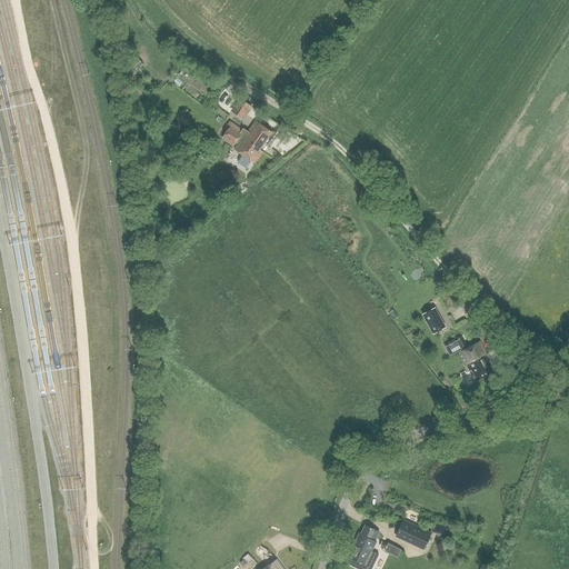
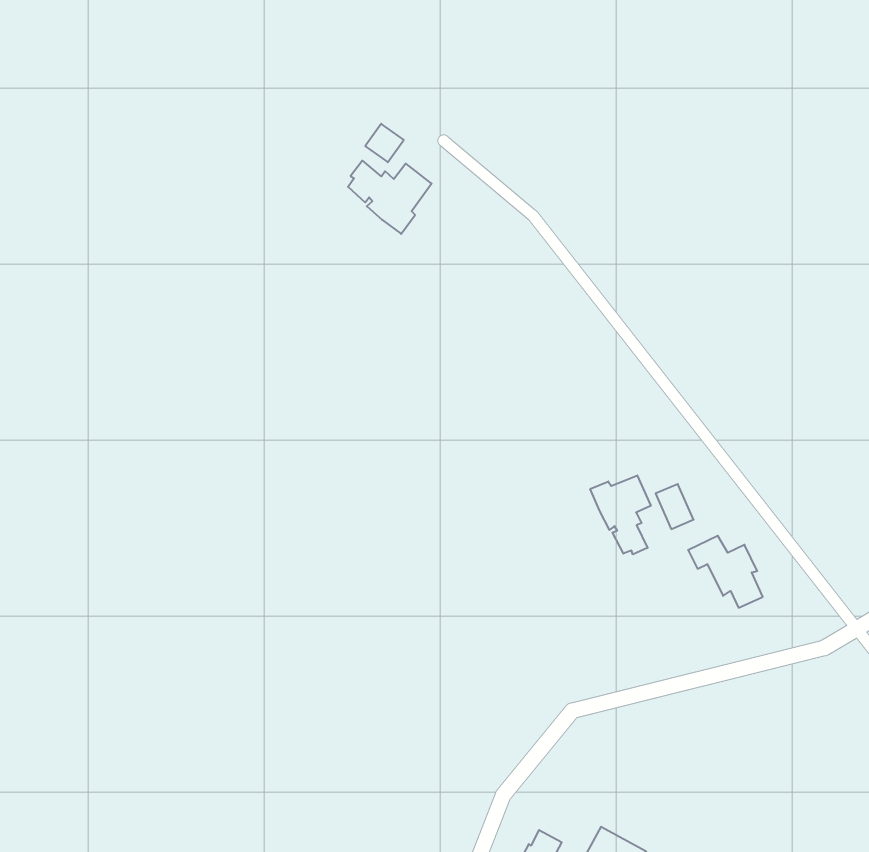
building: none -> [590,475,651,554]

